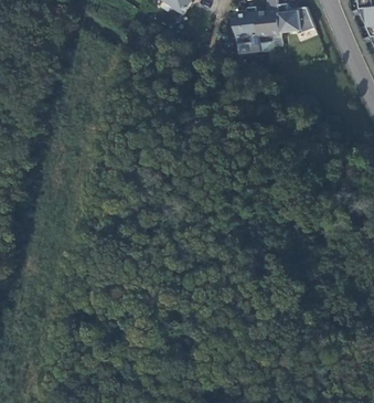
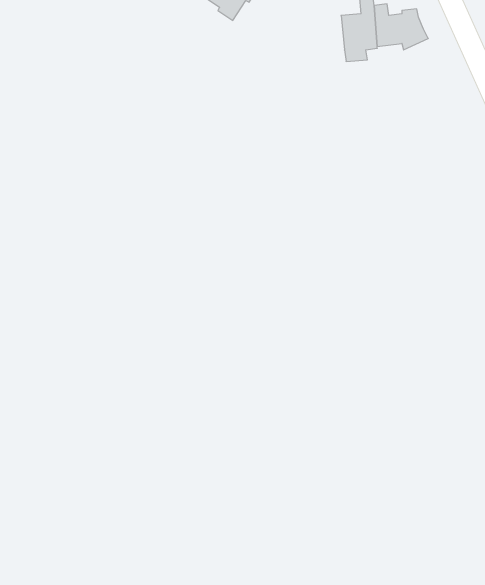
building: [233,7,257,44] -> none

